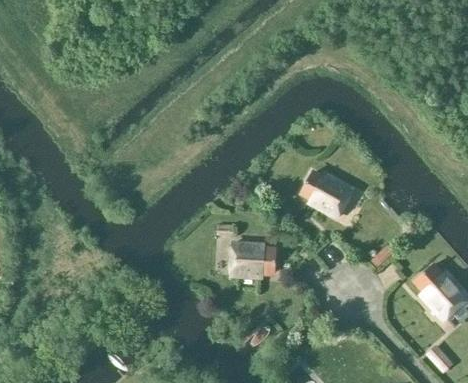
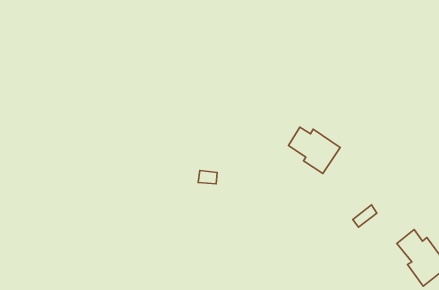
building: [232,244,277,276] -> none

